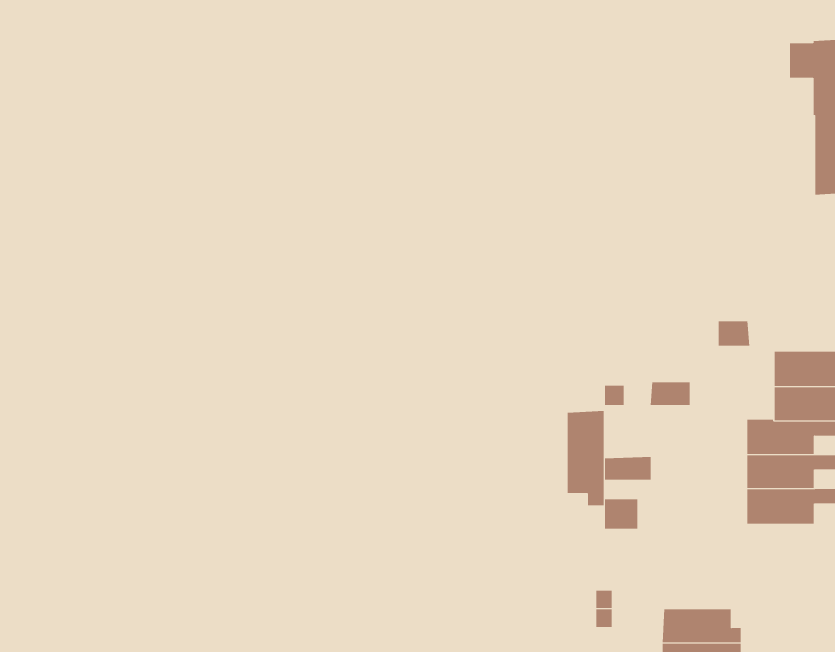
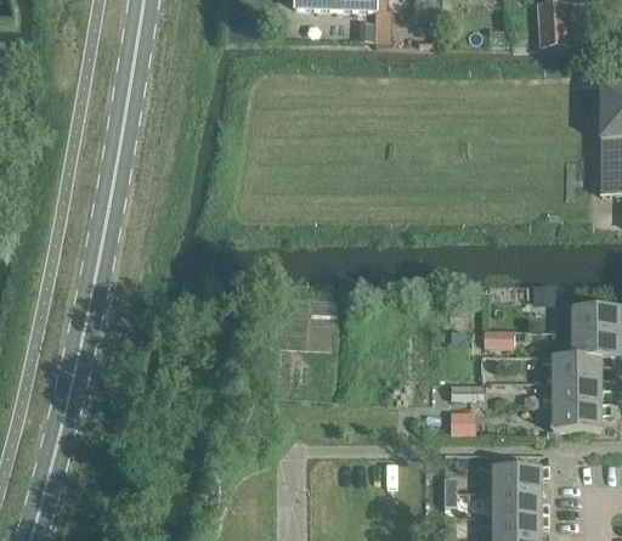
building: [567,410,604,506] -> none
building: none -> [492,464,548,490]

